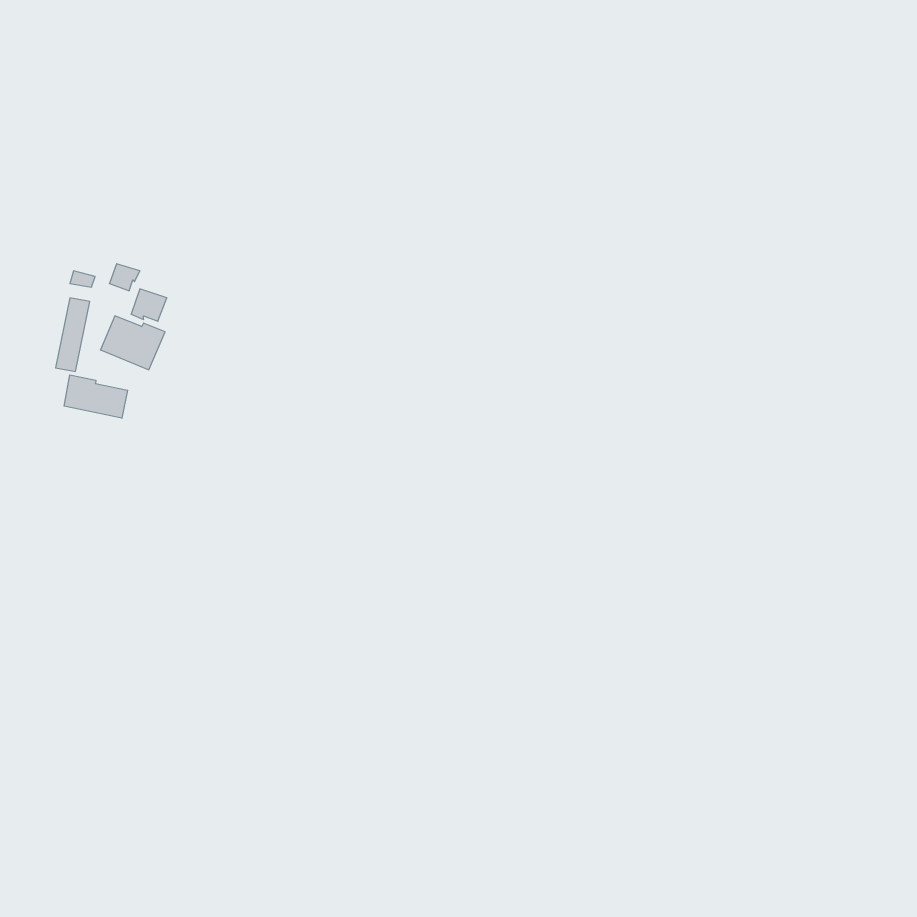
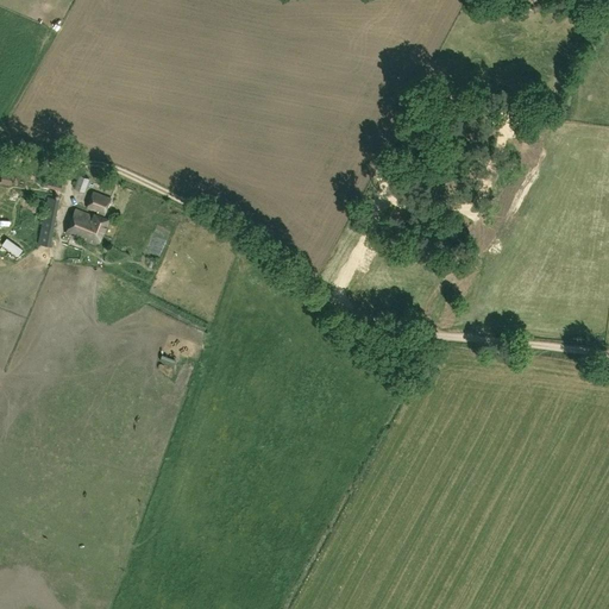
building: [64,375,128,418] -> none

